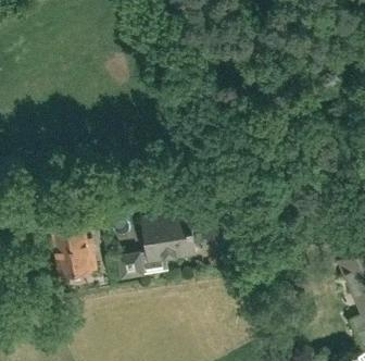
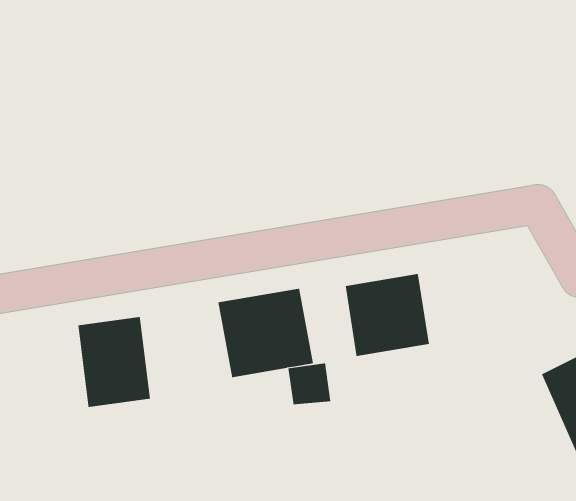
building: none -> [345,273,429,357]
building: [119,251,147,277] -> [287,363,331,405]

